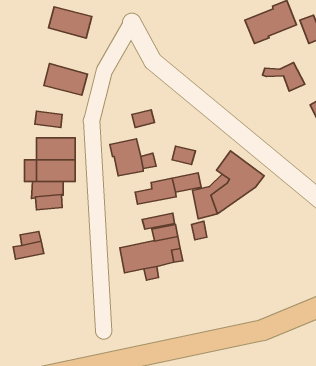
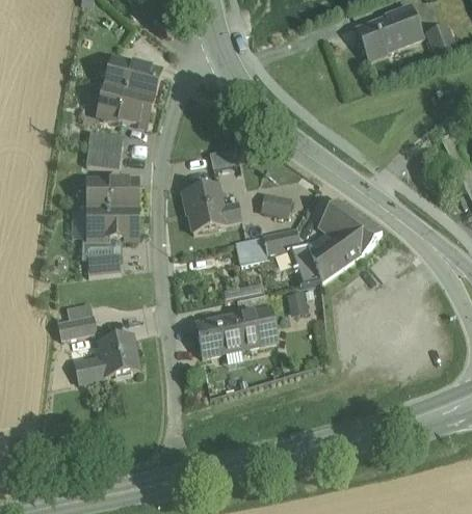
building: [48,7,92,38] -> [104,59,160,100]
building: [263,63,305,91] -> none
building: none -> [87,131,123,152]
building: none -> [74,333,138,381]

